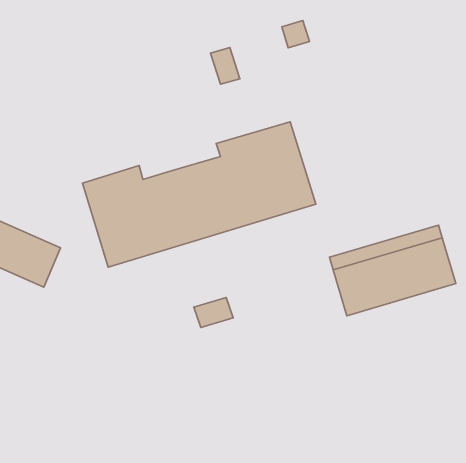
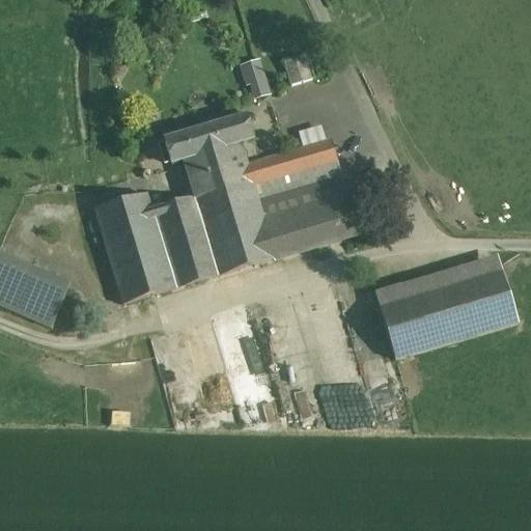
building: [282,20,309,48] -> [281,52,312,83]
building: none -> [162,113,252,194]
building: [194,297,233,328] -> none

